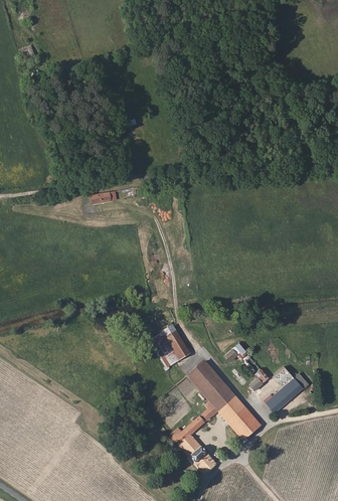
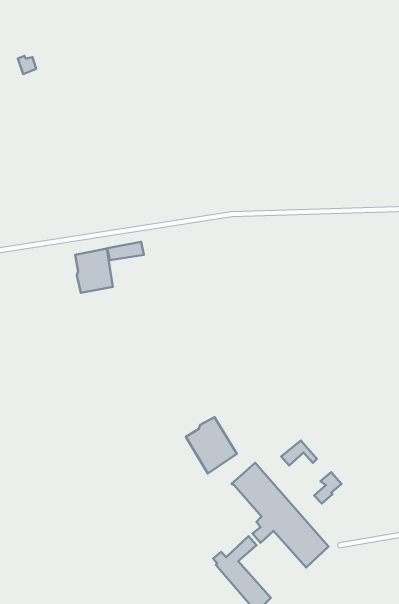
building: none -> [75,249,113,293]
building: [265,365,309,411] -> none

